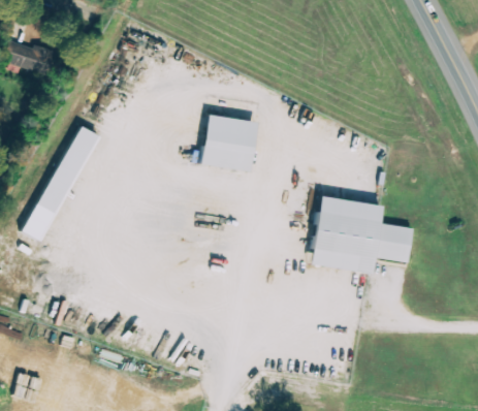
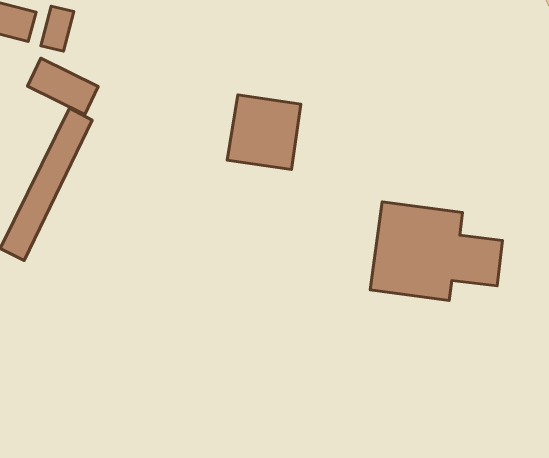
building: none -> [41,6,74,51]
building: none -> [27,58,98,115]

